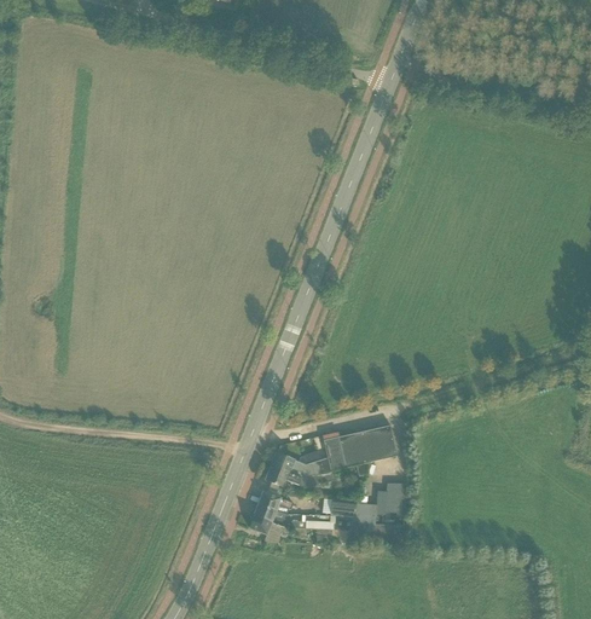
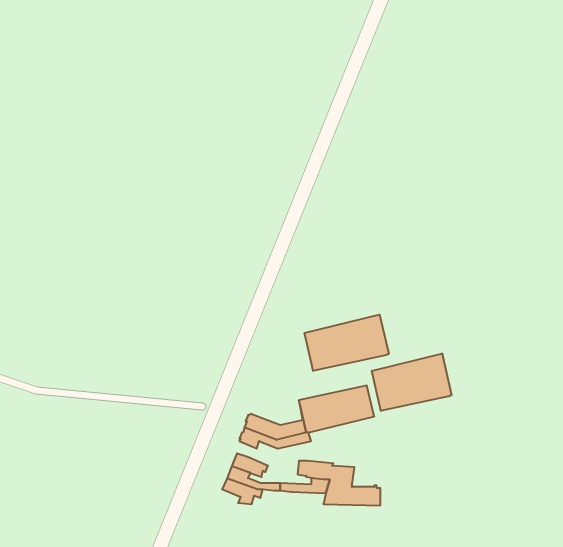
building: none -> [305,315,389,371]
building: none -> [372,353,452,411]
building: [384,482,405,519] -> none

